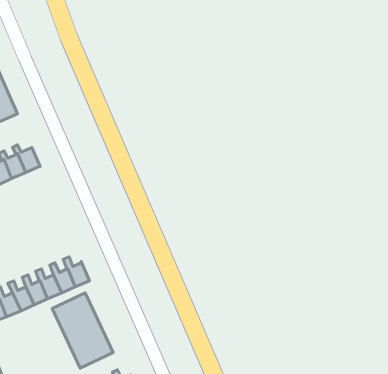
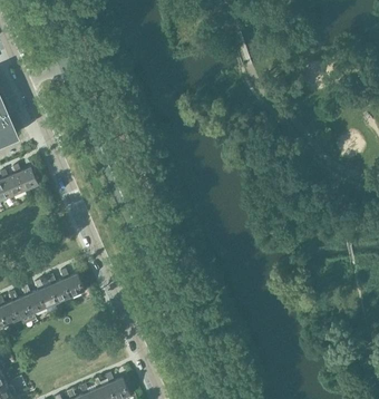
building: [52,293,113,368] -> none

